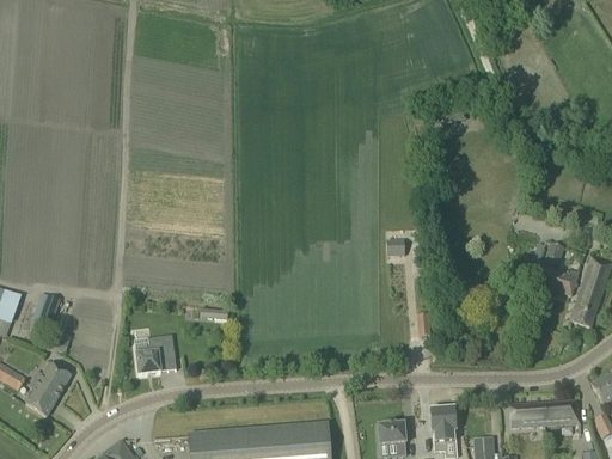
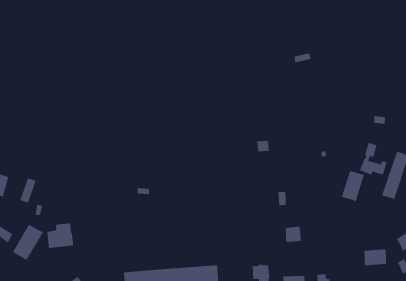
building: none -> [341,170,364,202]
building: [135,336,176,374] -> [47,223,74,249]
building: [509,402,544,427] -> none
building: [430,408,455,432] -> [285,226,302,242]

